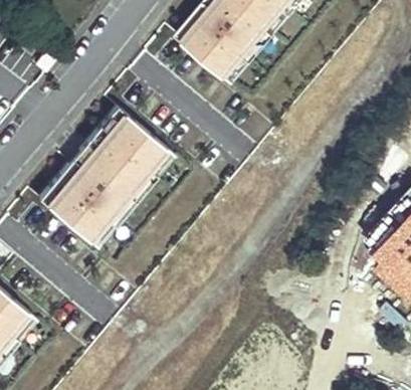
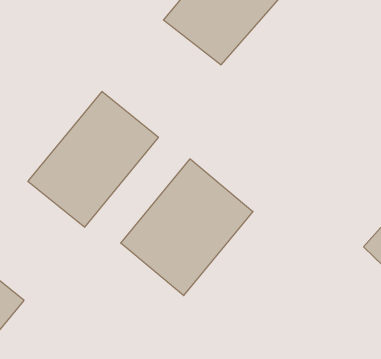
building: none -> [121,159,253,296]

